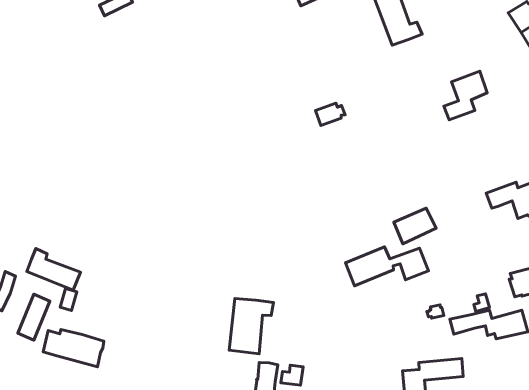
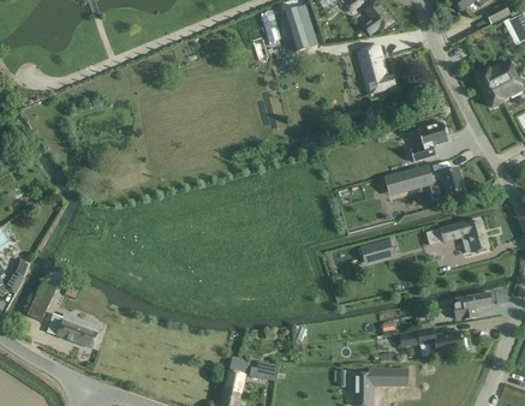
building: [345,247,429,286] -> [393,165,464,196]
building: [27,249,81,290] -> none
building: [229,298,273,354] -> none

